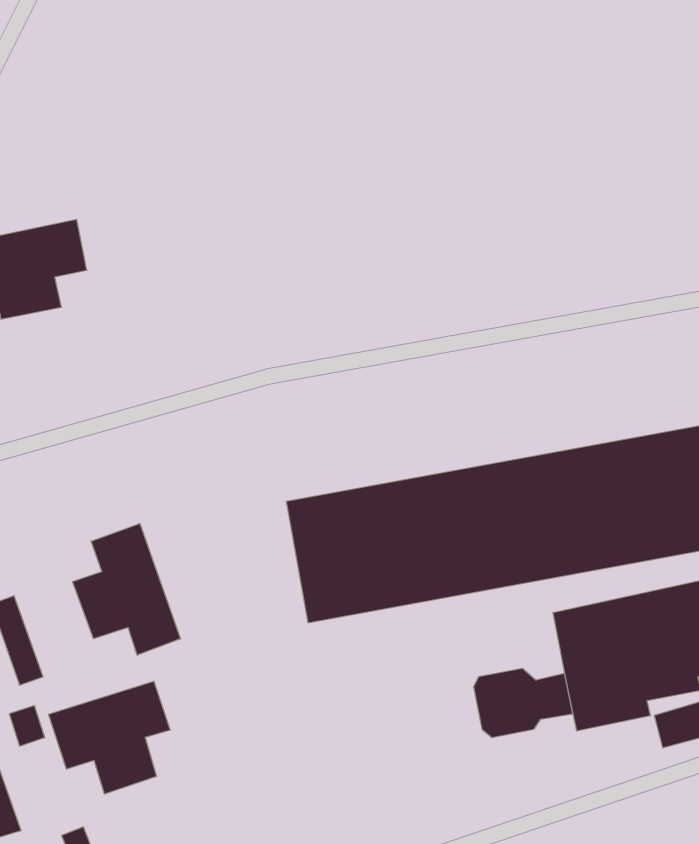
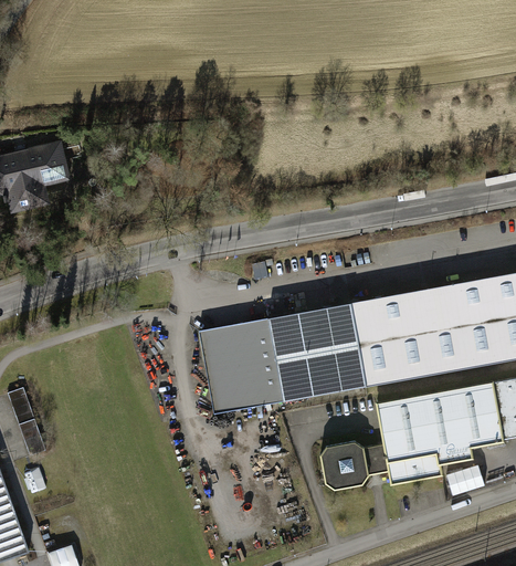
building: [72,523,181,655] -> none
building: [49,681,170,794] -> none

